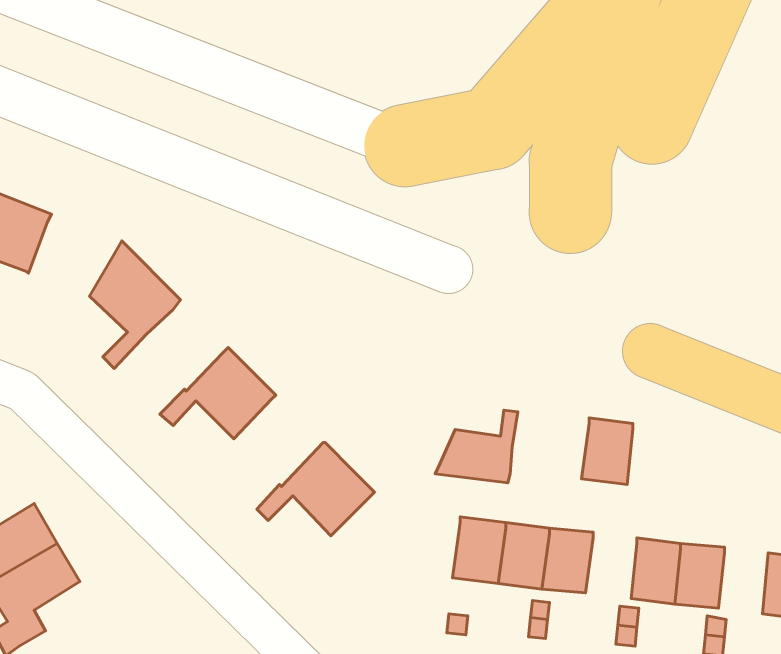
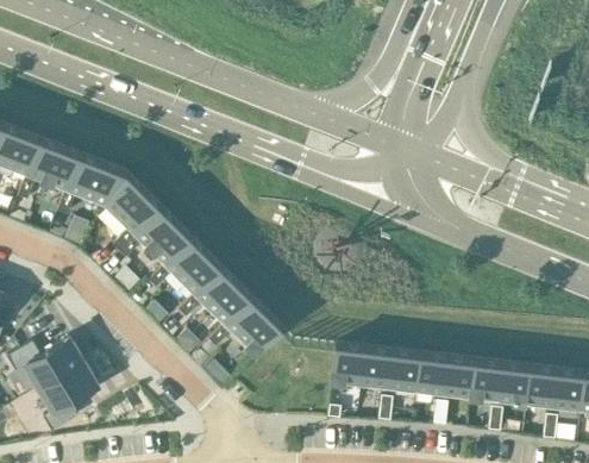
building: none -> [57,154,125,213]
building: none -> [120,207,192,264]
building: none -> [178,267,252,324]
building: [435,410,518,483] -> none
building: [582,418,633,484] -> [415,352,447,394]
building: none -> [499,362,530,403]

